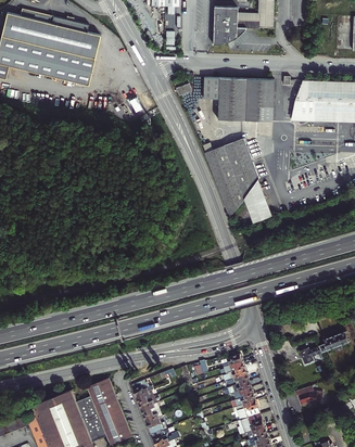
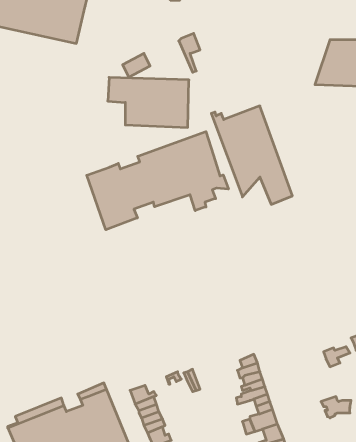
building: [204,76,275,119] -> [108,77,189,127]
building: none -> [87,132,228,230]

